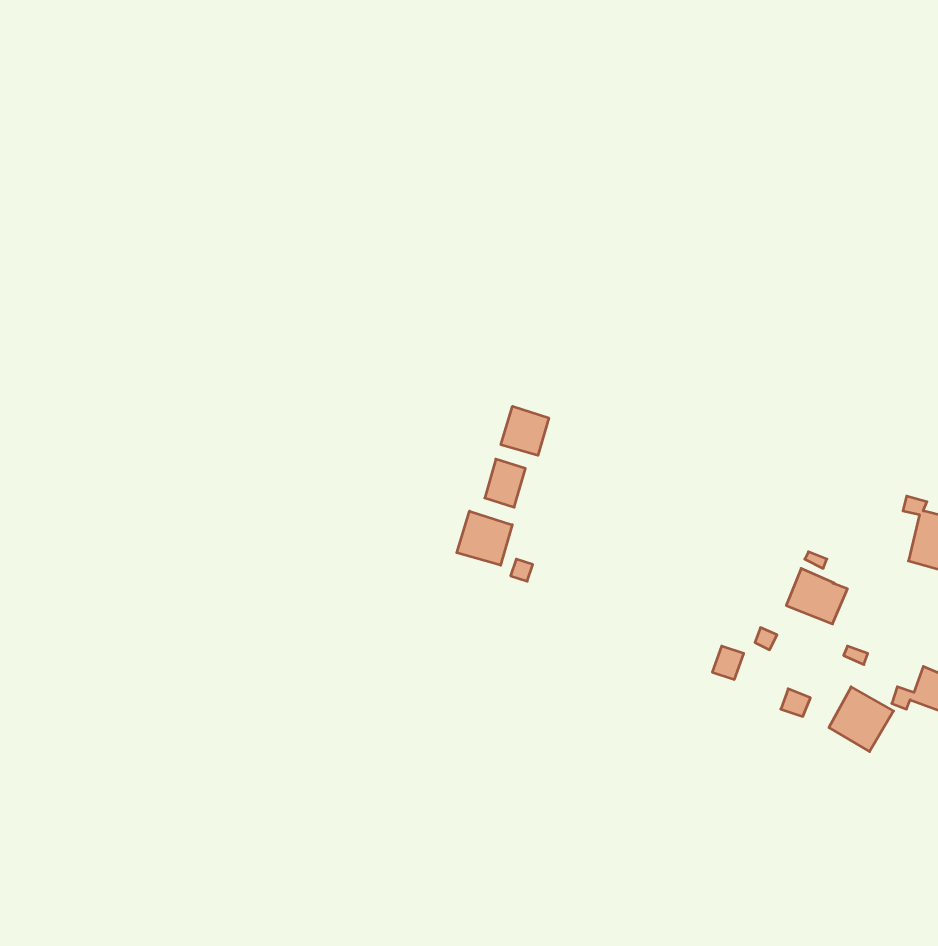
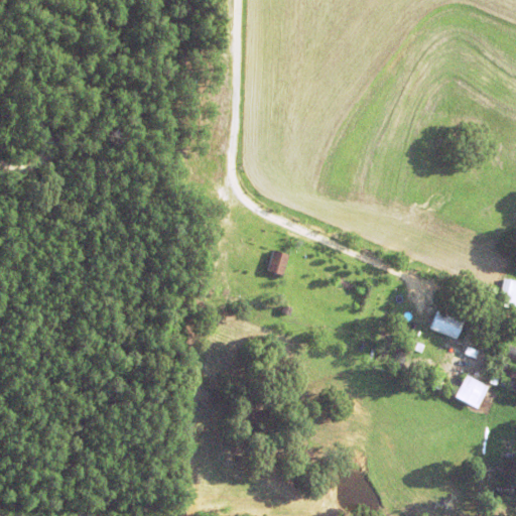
building: [501,406,549,455] -> none
building: [457,511,512,565] -> none

